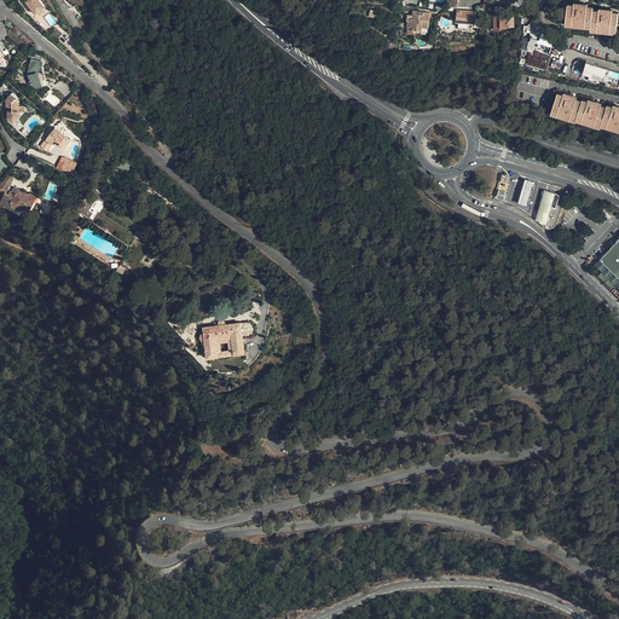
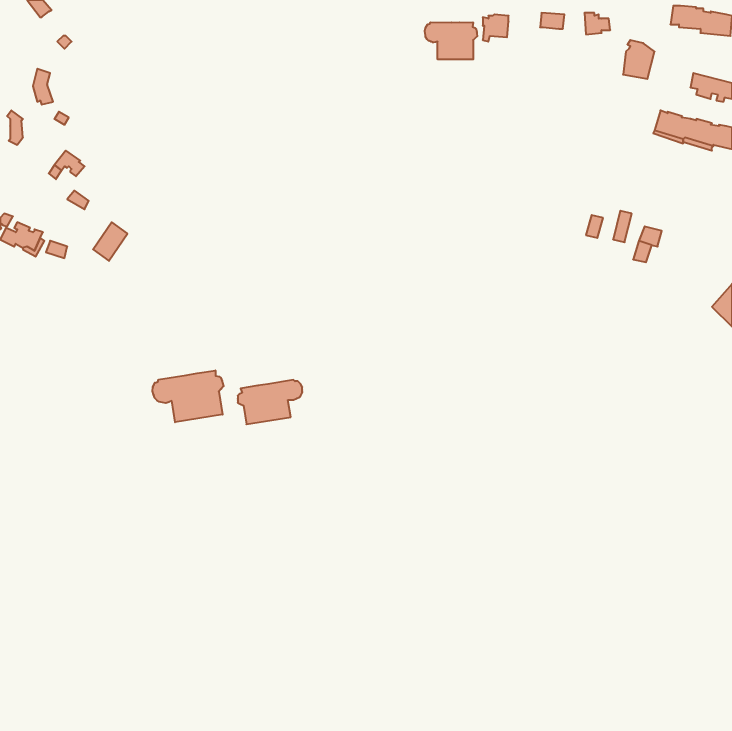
building: none -> [425,22,477,59]
building: none -> [152,370,224,422]

